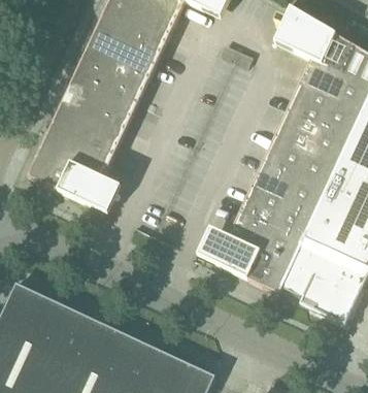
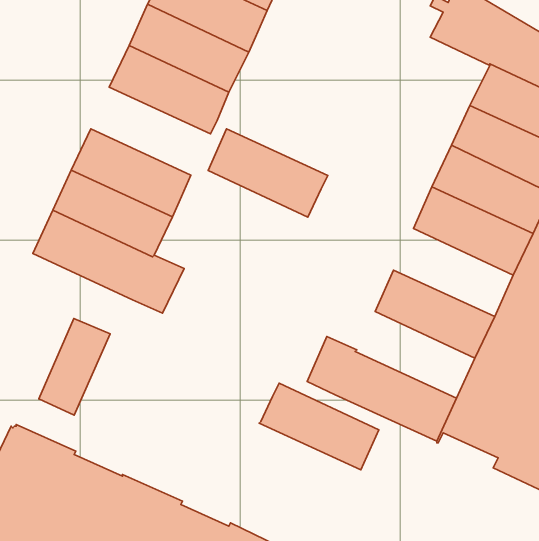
building: [64,72,138,127] -> [208,129,328,217]
building: [252,160,326,215] -> none
building: [228,211,302,265] -> [259,383,379,470]
building: none -> [39,318,110,415]

